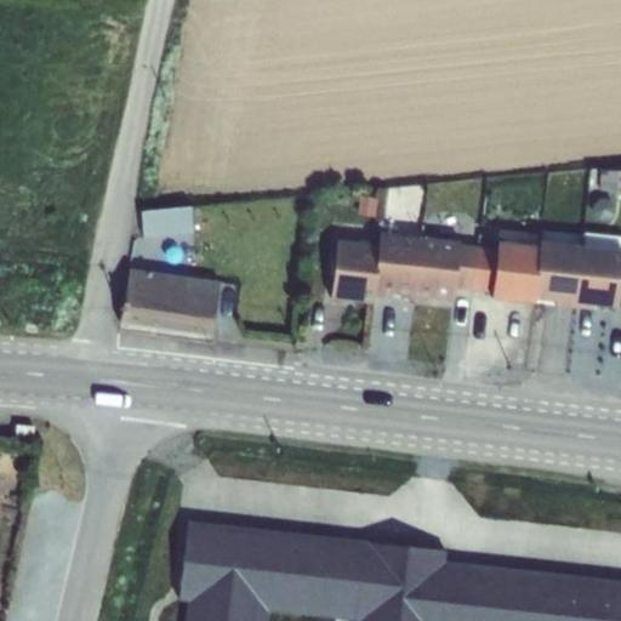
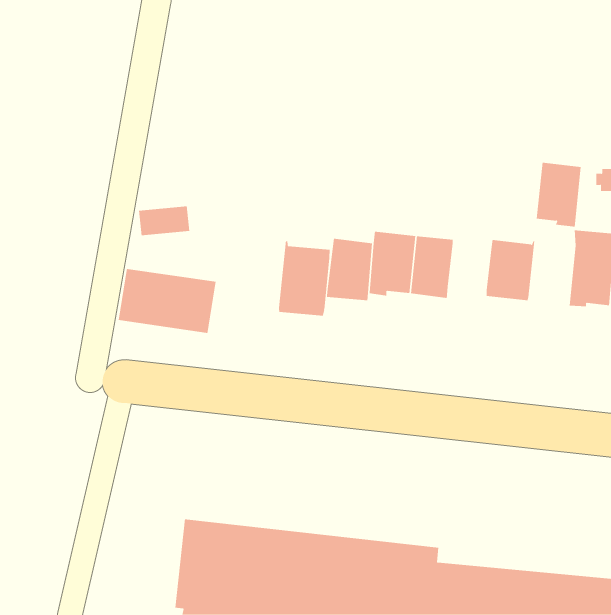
building: none -> [278,240,330,317]
building: [537,243,583,308] -> [536,162,582,227]
building: [456,245,498,292] -> none

